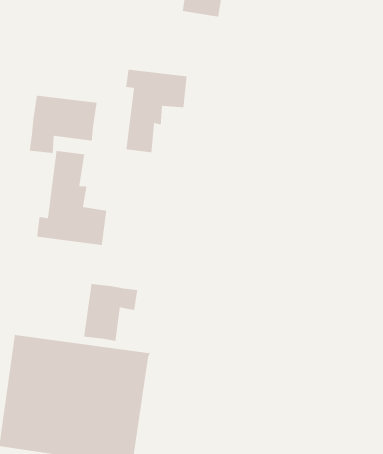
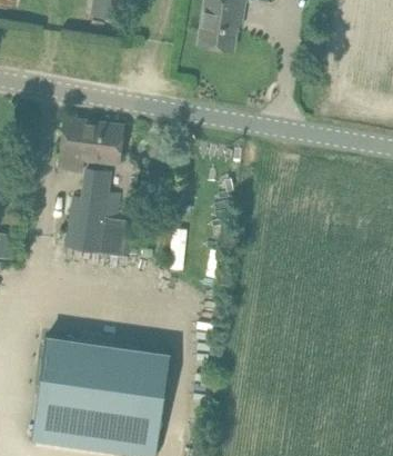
building: [125,69,188,153] -> none
building: [83,283,138,342] -> none

